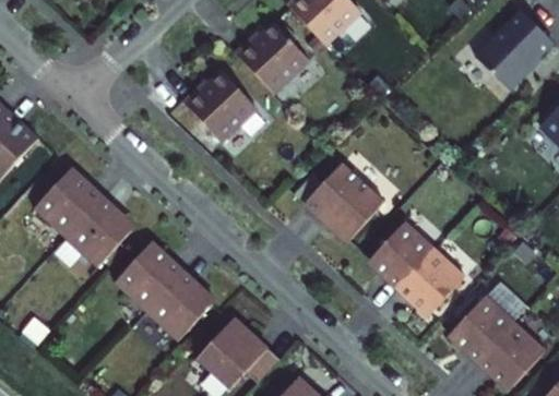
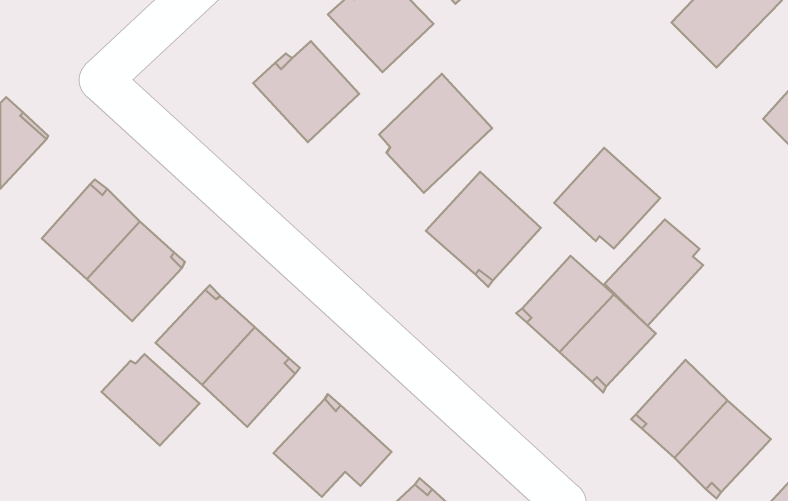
building: none -> [379,74,492,193]
building: none -> [554,148,660,248]
building: none -> [604,219,703,326]
building: none -> [102,354,199,446]

